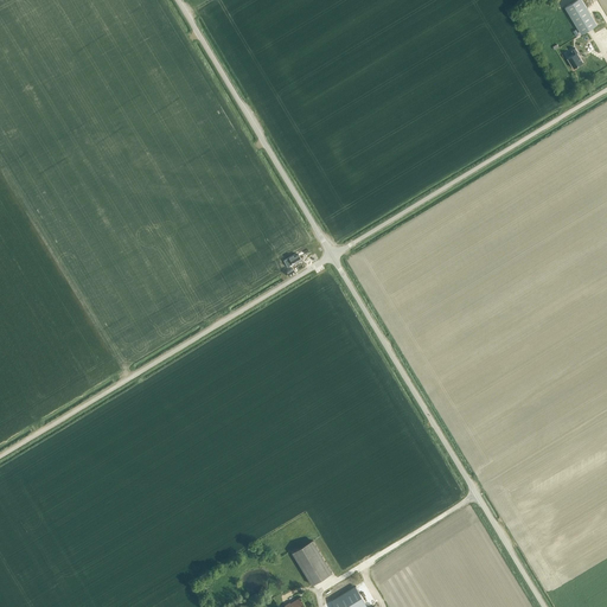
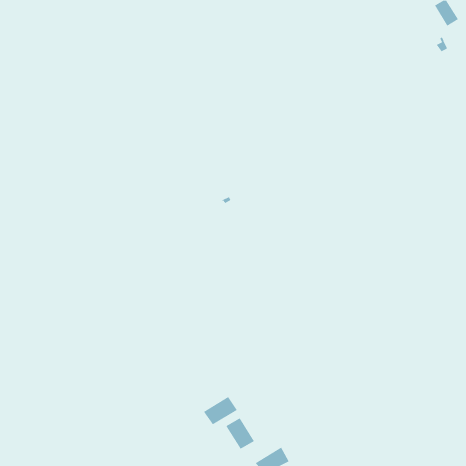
building: none -> [203,396,237,425]

